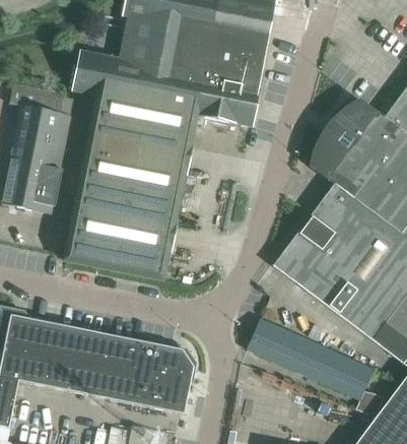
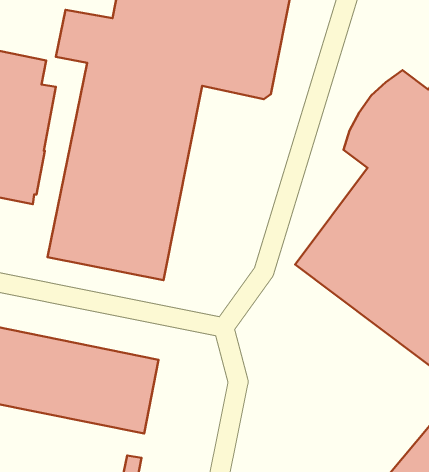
building: [248,319,374,399] -> none
building: [146,345,191,415] -> none

